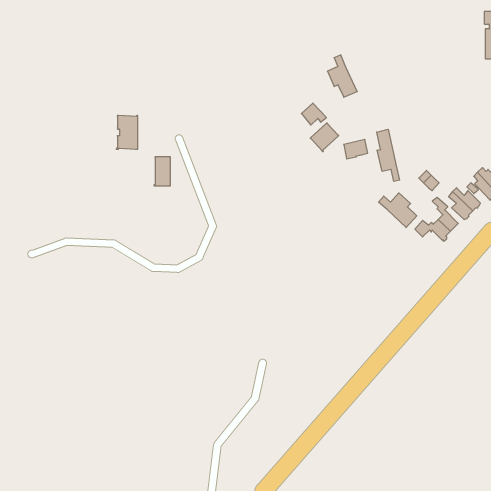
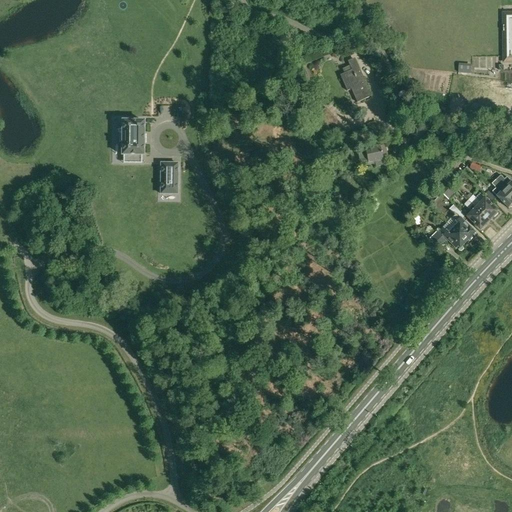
building: [310,123,339,152] -> none
building: [377,129,400,181] -> none
building: [379,193,417,228] -> none

